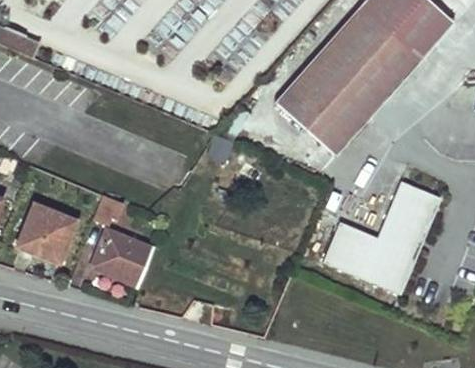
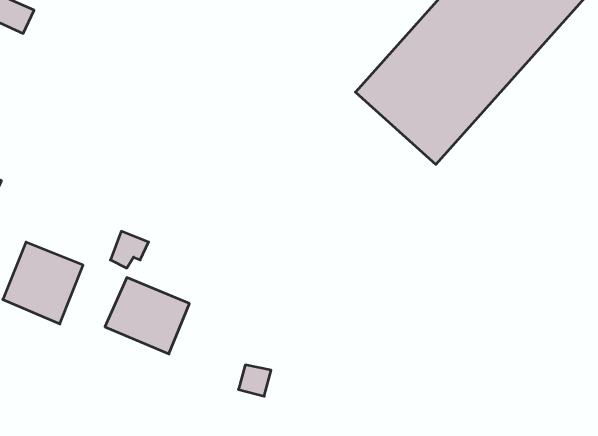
building: [326,174,444,292] -> none

